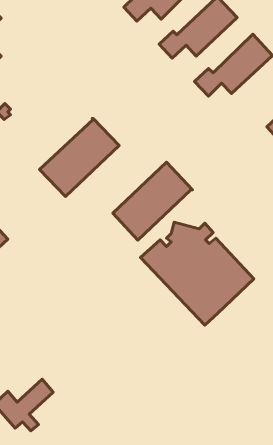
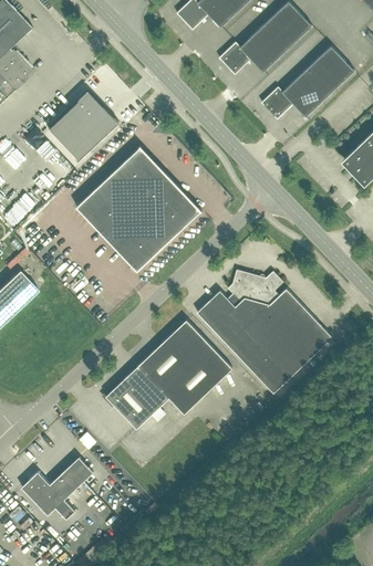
building: none -> [48,90,120,160]
building: [113,162,193,240] -> [107,178,203,271]
building: none -> [103,319,232,429]

